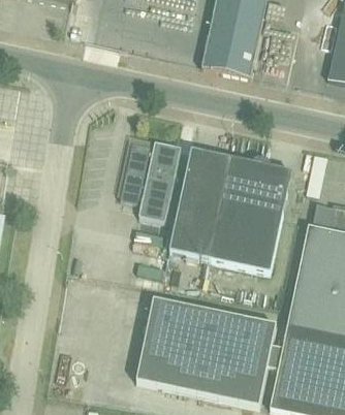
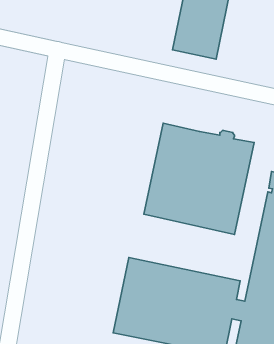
building: [120,140,181,220] -> none

